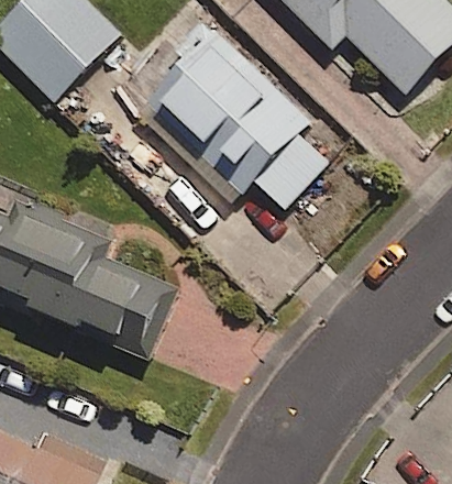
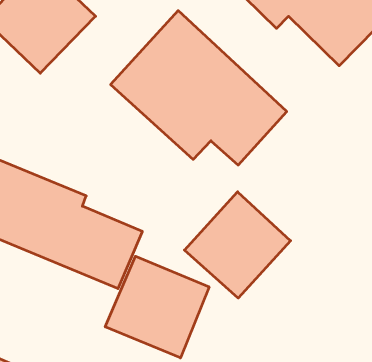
building: none -> [184,192,291,298]
building: none -> [105,256,209,358]

